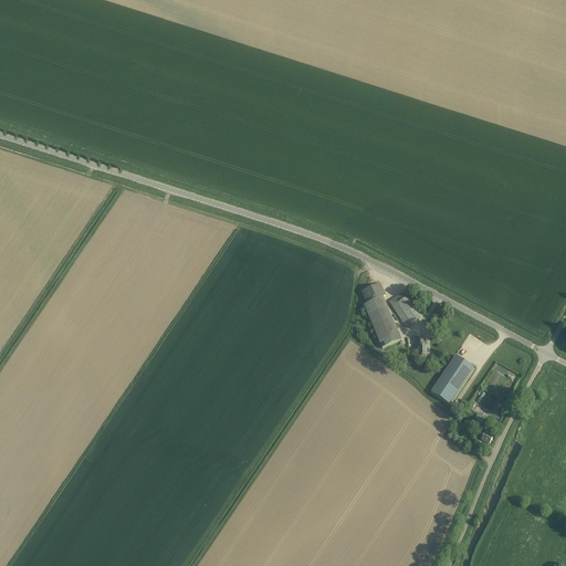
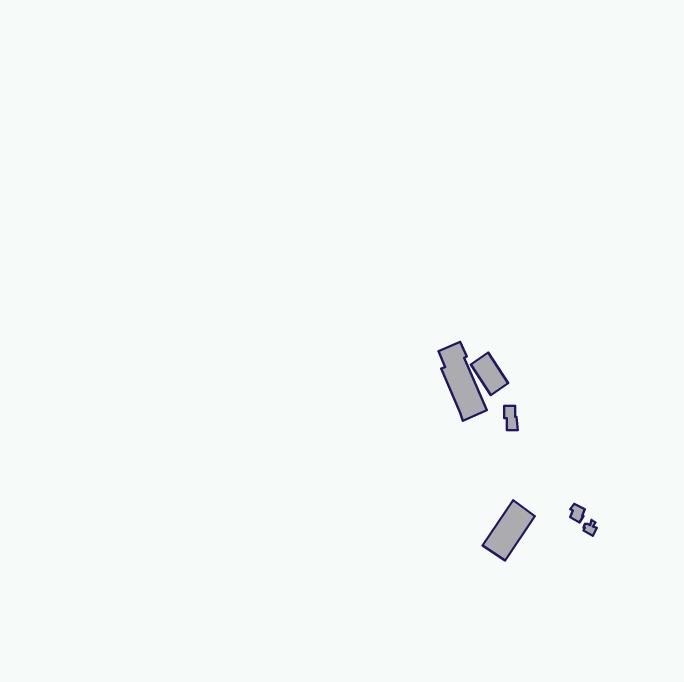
building: [430,354,473,403] -> [482,500,535,560]

